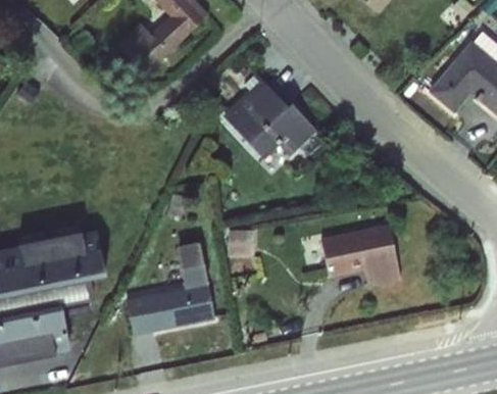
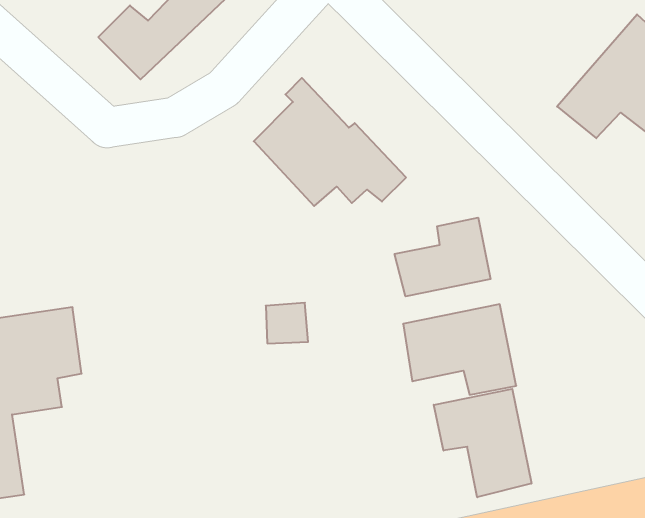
building: none -> [395,218,491,296]
building: [126,238,218,335] -> none
building: none -> [434,389,531,497]

